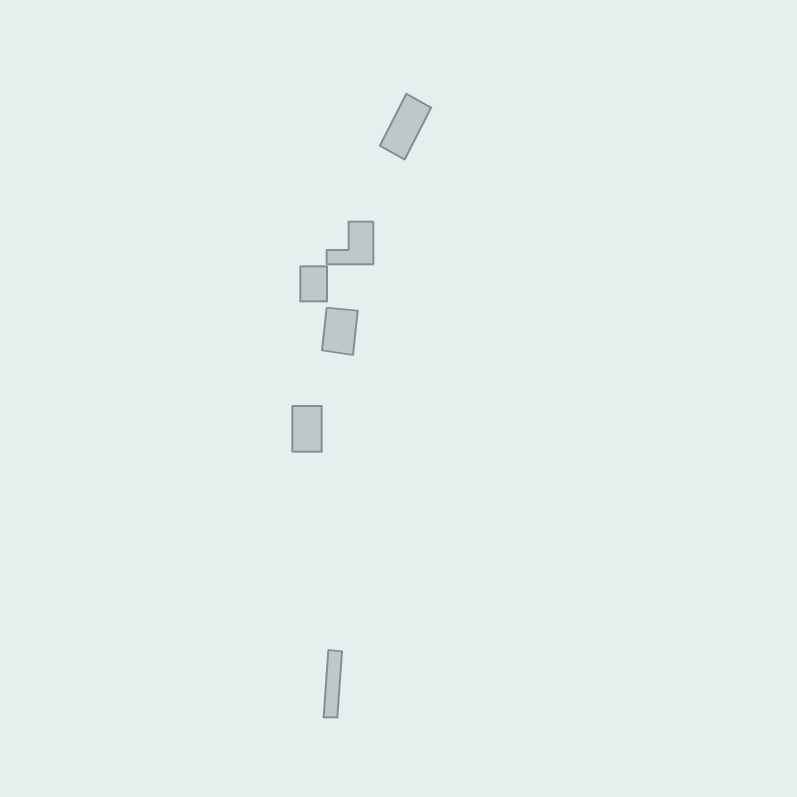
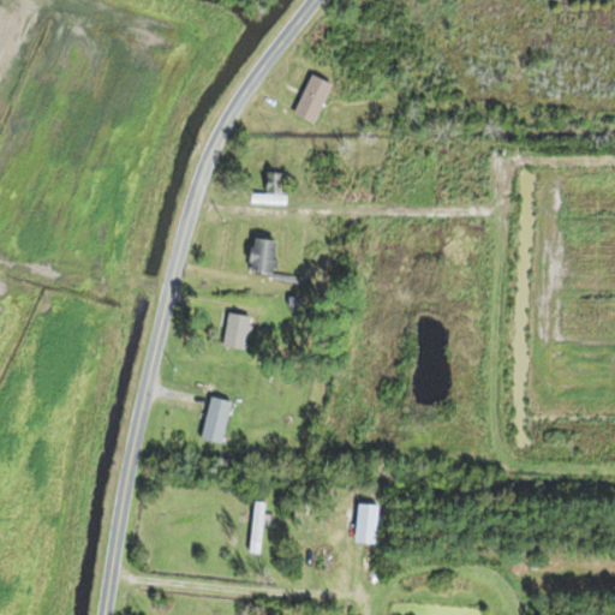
building: [300,266,327,302] -> none
building: none -> [201,396,232,443]
building: none -> [354,503,378,543]

